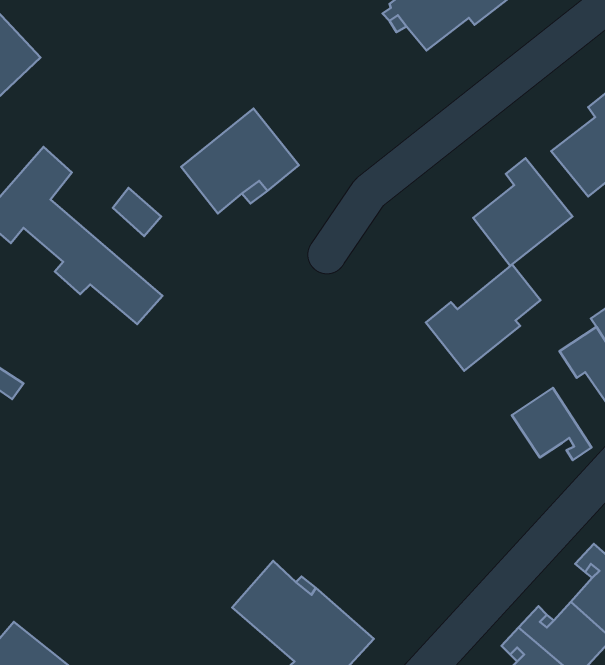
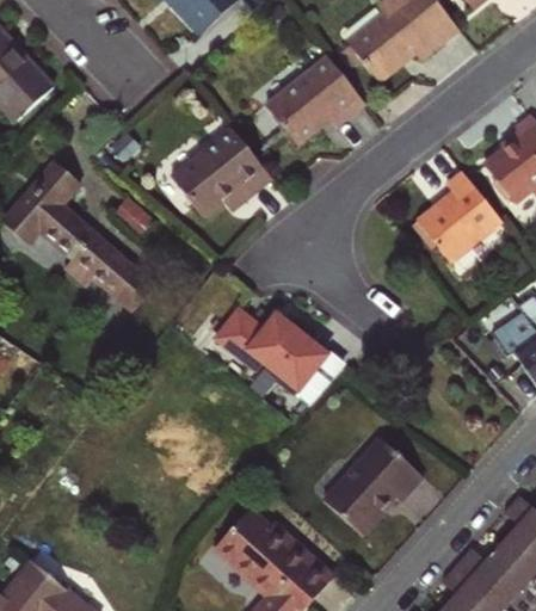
building: none -> [265,57,363,144]
building: [426,264,541,371] -> none
building: none -> [216,300,347,390]
building: [512,388,592,460] -> none
building: none -> [322,438,420,535]

